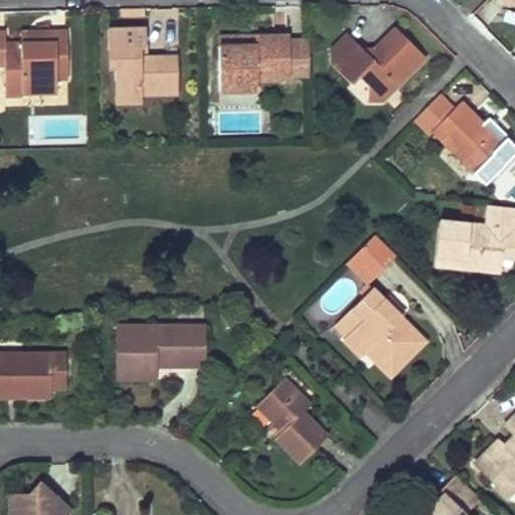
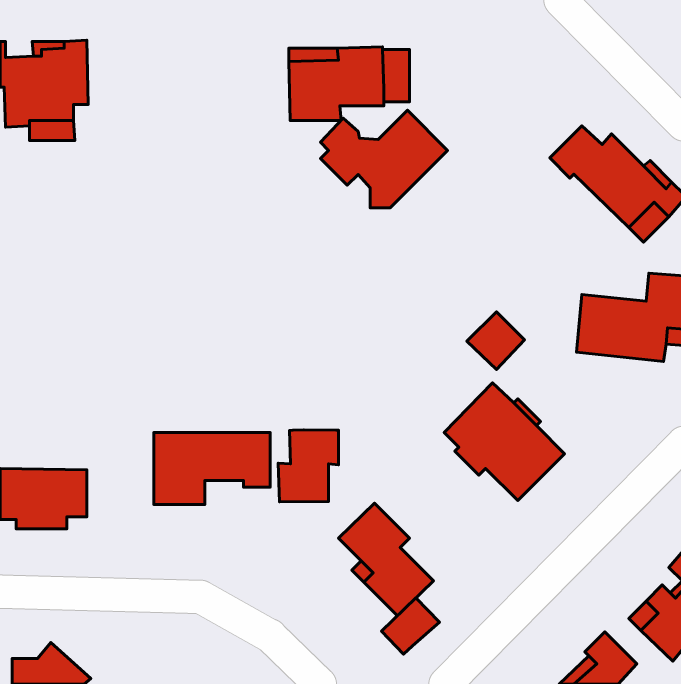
building: [331,27,426,101] -> [321,110,448,208]
building: [109,29,179,103] -> none
building: none -> [278,430,339,502]
building: none -> [381,598,439,654]

